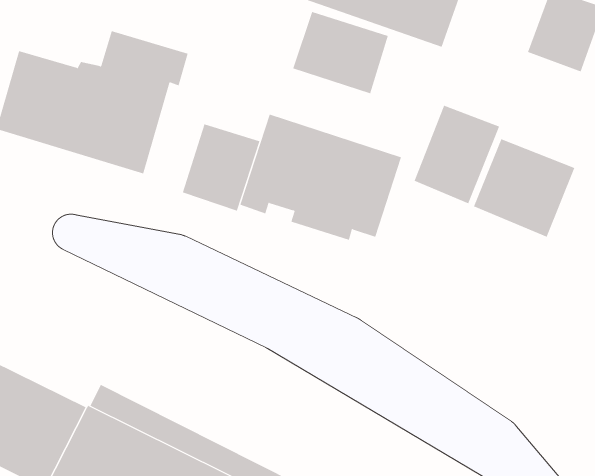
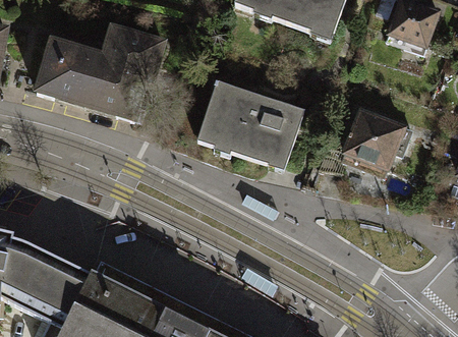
building: [293,11,388,94] -> none
building: [414,105,500,204] -> none
building: [182,123,260,212] -> none

